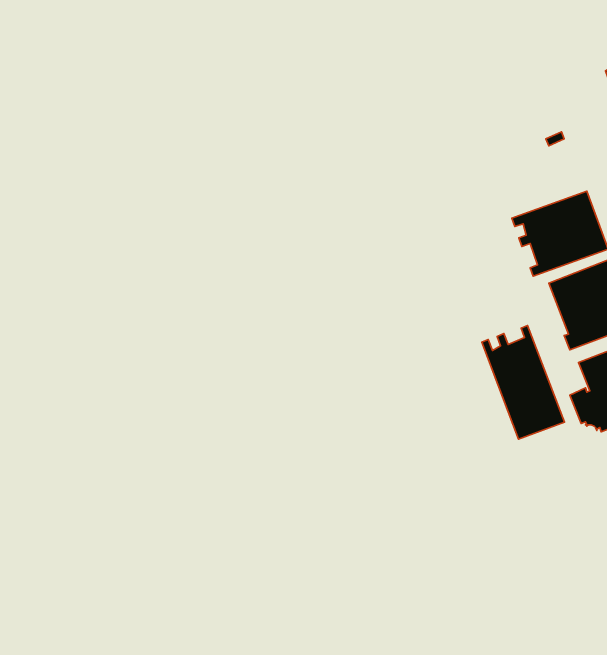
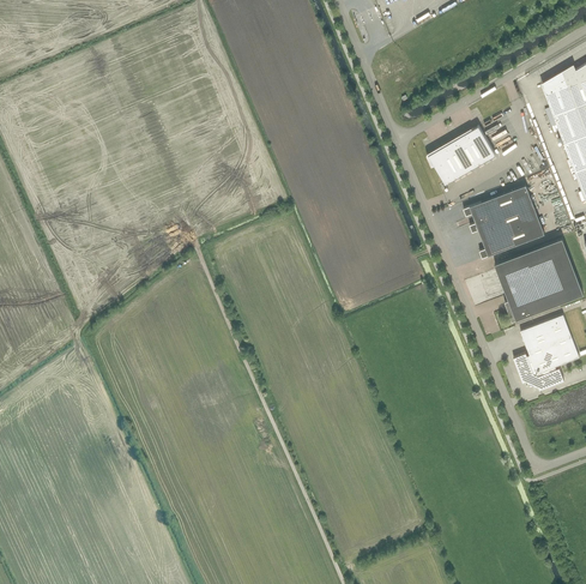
building: none -> [427,126,496,185]
building: [482,325,565,439] -> none

